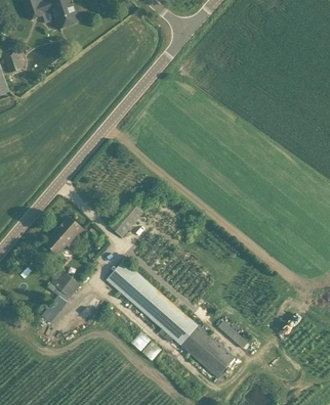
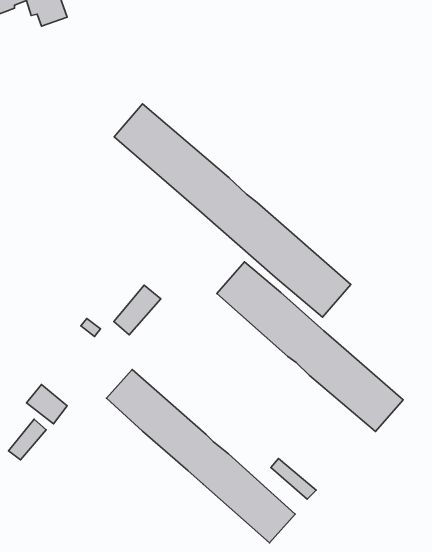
building: none -> [114,104,351,317]
building: none -> [217,262,403,432]
building: [44,215,82,253] -> none

